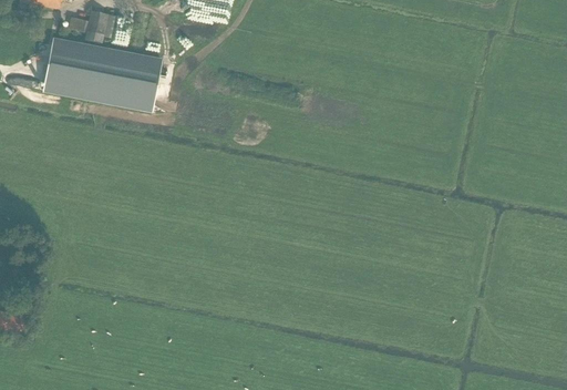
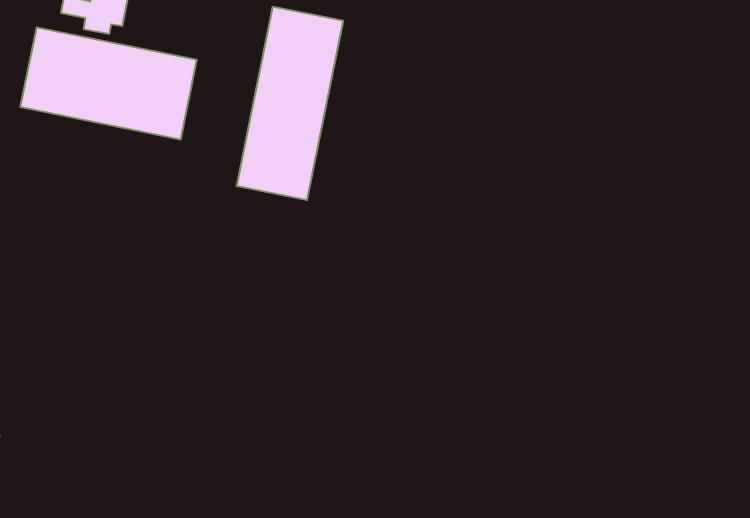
building: none -> [237,7,343,200]

